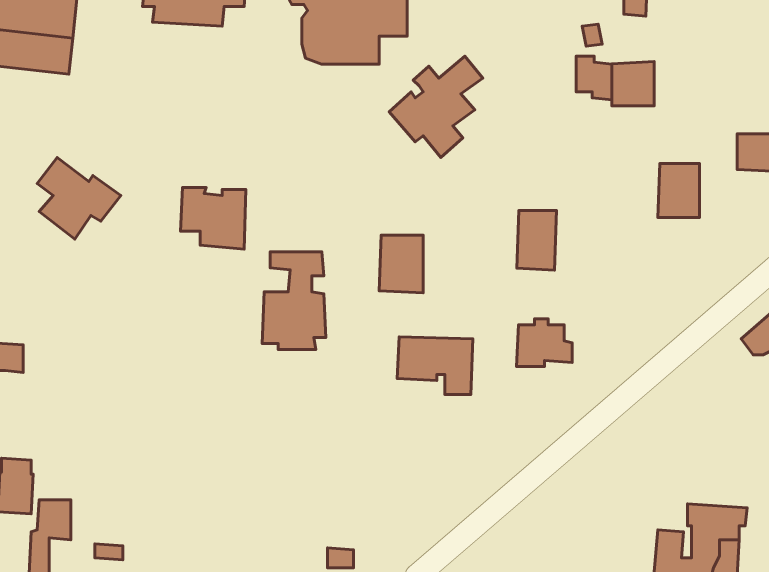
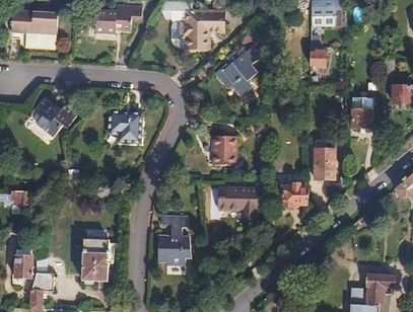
building: [612,62,654,106] -> none
building: [517,211,557,270] -> [313,149,333,179]
building: [262,252,326,349] -> [156,216,189,265]
building: none -> [81,237,113,283]

